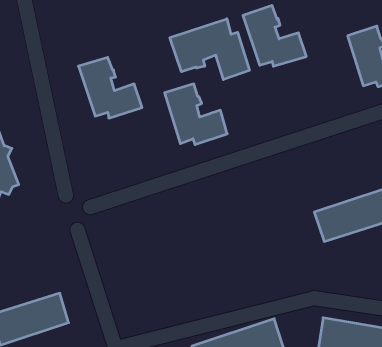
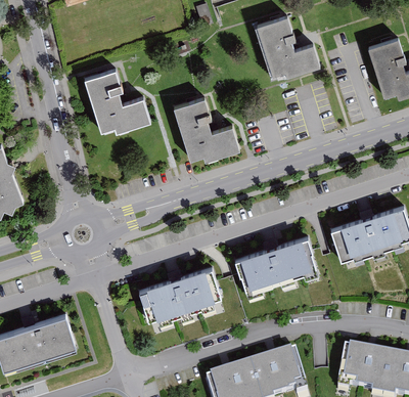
building: [170,19,249,80] -> none
building: none -> [235,239,318,294]
building: none -> [138,270,220,324]

